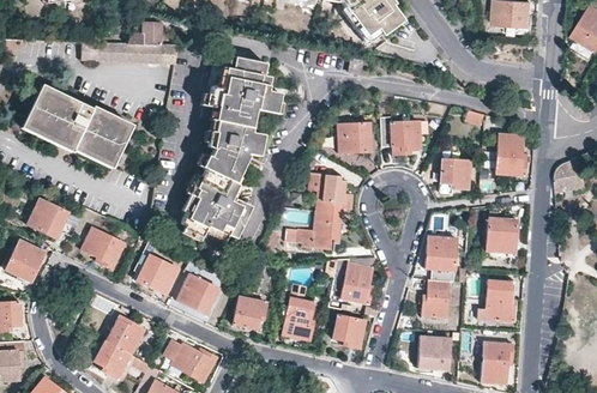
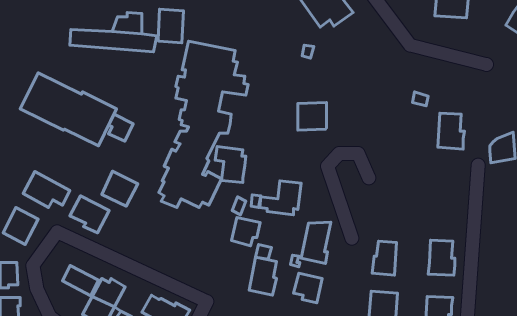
building: none -> [158,9,183,43]
building: [392,121,421,150] -> none
building: none -> [109,114,133,141]
building: [438,158,470,193] -> none
building: [310,173,345,213] -> [215,147,246,183]
building: [486,218,517,253] -> none
building: [424,237,457,271] -> none
building: [138,256,179,296] -> [102,171,138,206]
building: [177,261,219,315] -> none
building: [234,297,266,329] -> [232,217,260,246]
building: none -> [63,265,98,296]

